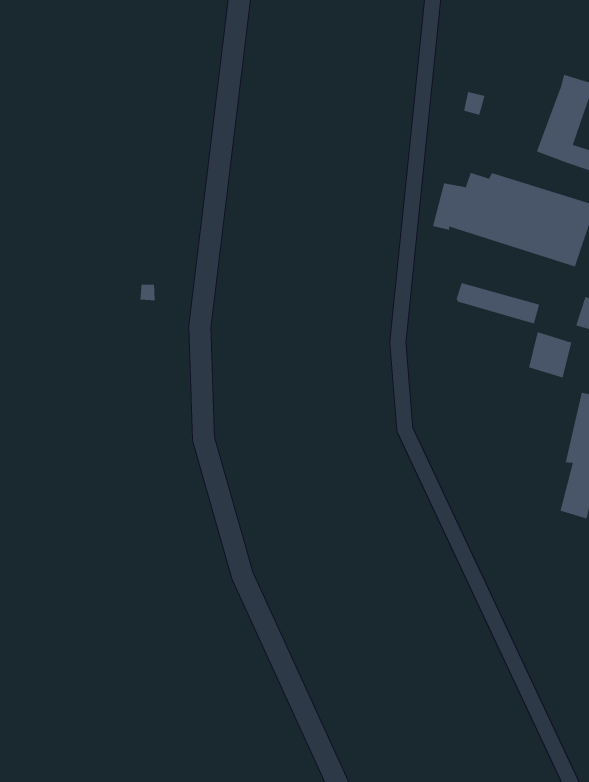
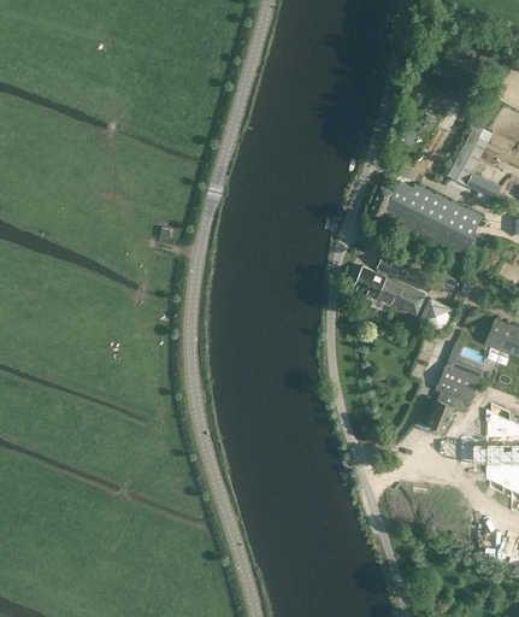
building: none -> [353,266,425,317]

